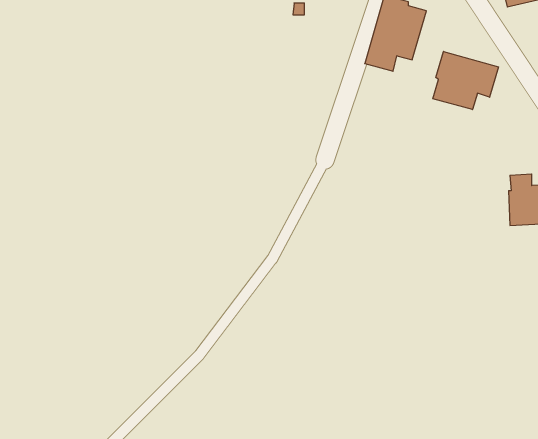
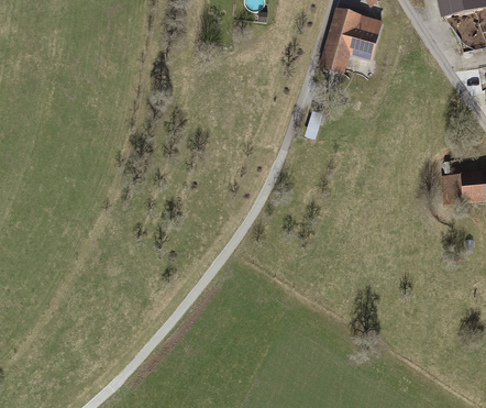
building: [433,51,498,110] -> none

